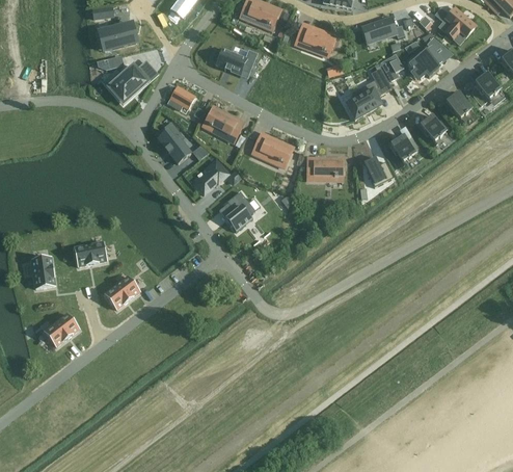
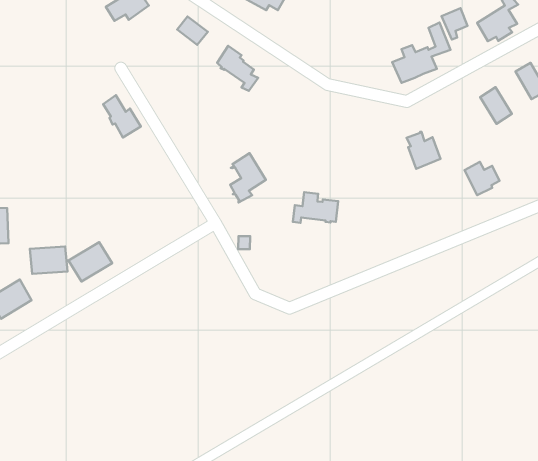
building: [158,130,190,163] -> [103,95,141,137]
building: [389,134,419,161] -> [465,162,500,195]
building: [252,139,292,162] -> none
building: [307,154,342,179] -> [293,192,338,223]
building: [192,158,227,193] -> none
building: [74,241,106,266] -> [30,247,67,274]

